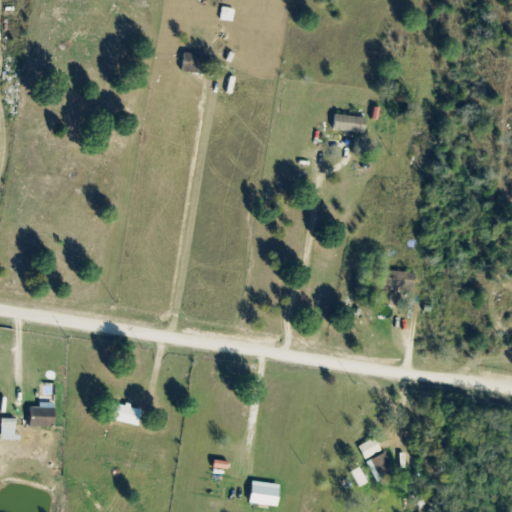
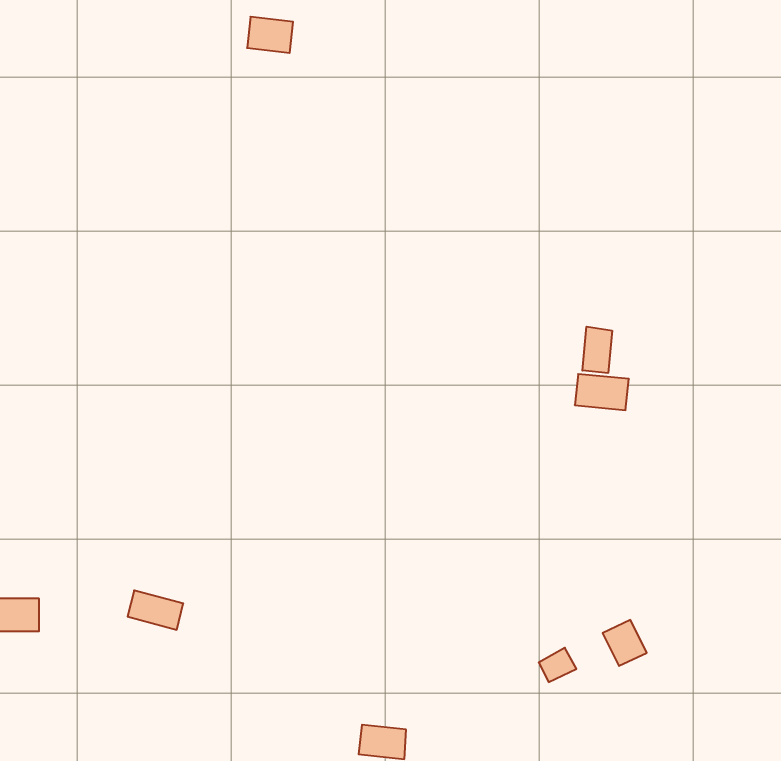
building: [334,113,366,132] -> none
building: none -> [582,327,612,373]
building: [369,452,396,480] -> [603,620,647,666]

